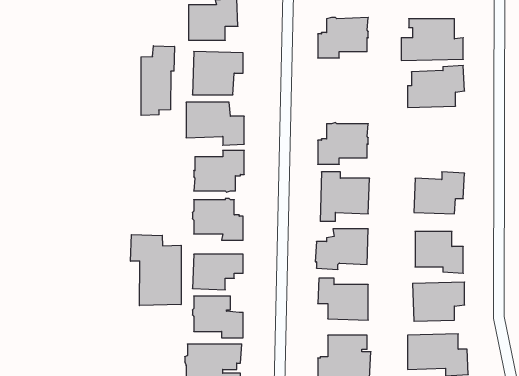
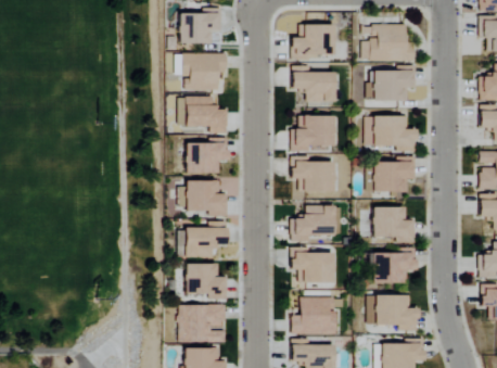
building: [141,46,174,115] -> none
building: none -> [293,65,336,103]
building: none -> [366,116,418,152]
building: [131,235,181,306] -> none

